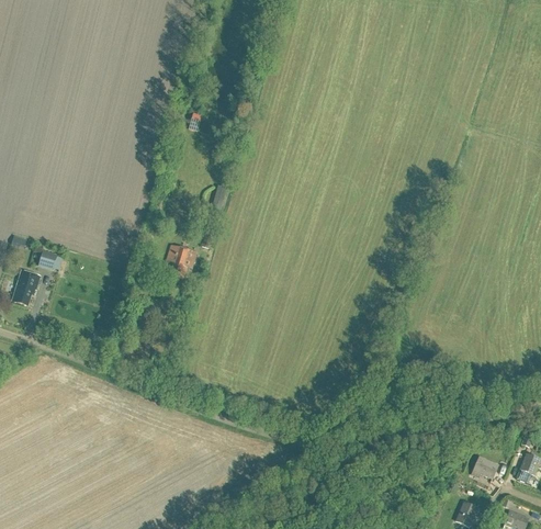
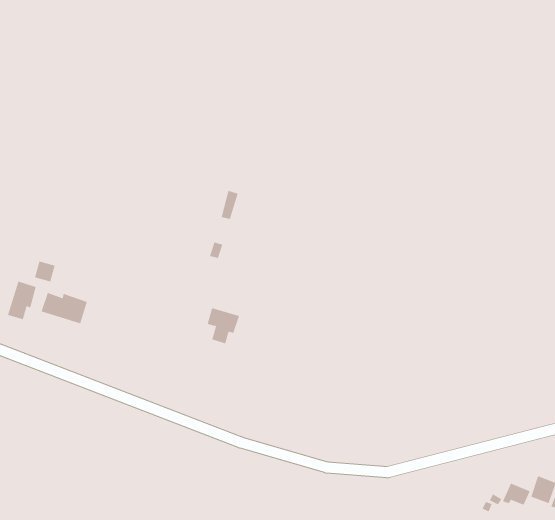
building: [167,244,198,278] -> [207,307,240,344]
building: none -> [41,292,88,324]

